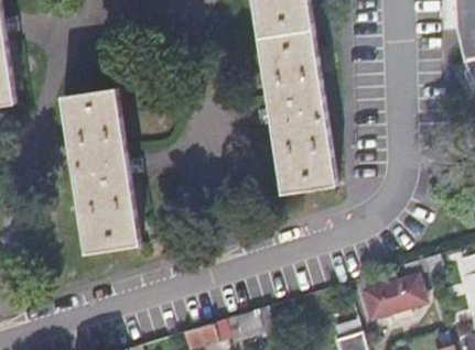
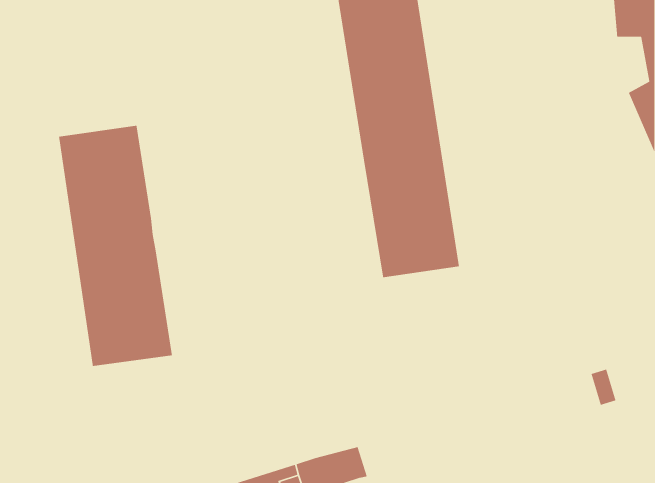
building: [363,277,422,317] -> none

